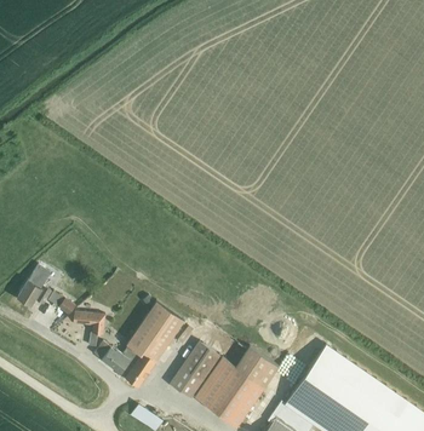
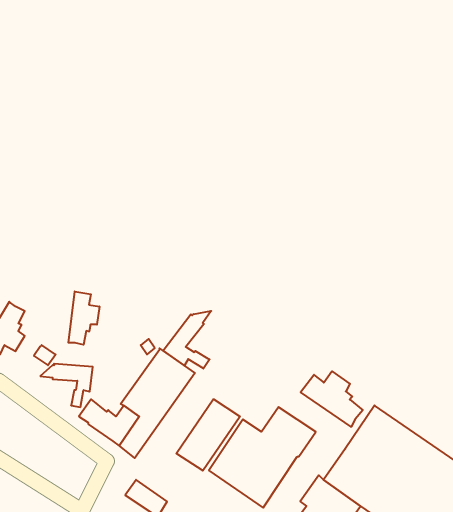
building: none -> [68,291,99,345]
building: none -> [163,311,211,369]
building: none -> [301,371,363,427]

